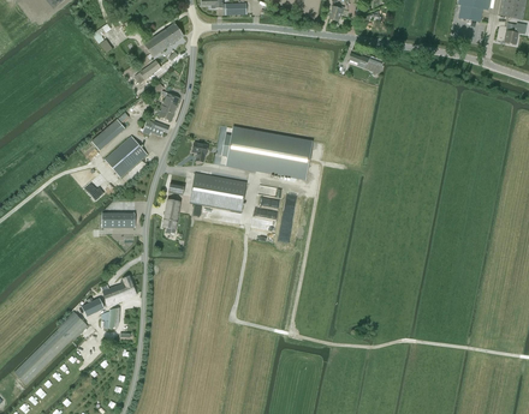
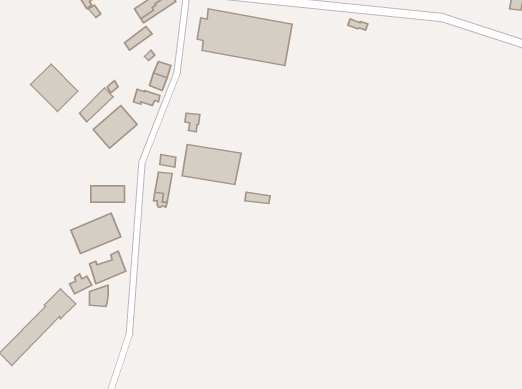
building: none -> [31,64,78,111]
building: [221,126,313,180] -> [197,9,292,65]
building: none -> [71,213,121,254]

